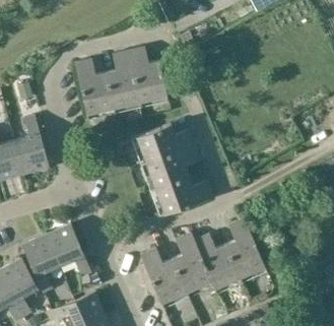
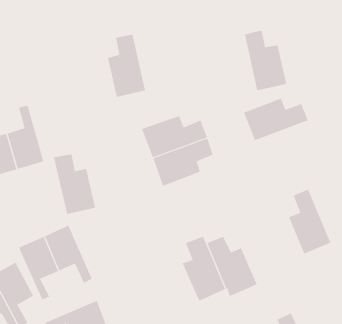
building: [128,48,166,103] -> [244,30,287,91]
building: [74,60,113,115] -> [53,154,96,215]
building: [154,176,213,214] -> [243,98,309,141]
building: [225,218,264,277] -> [288,189,331,254]
building: [140,249,187,304] -> none

